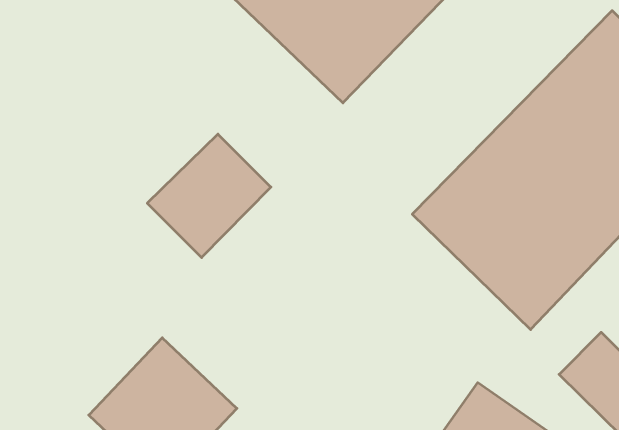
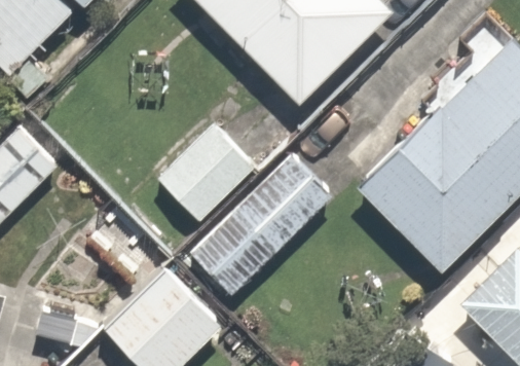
building: none -> [189,155,330,295]

